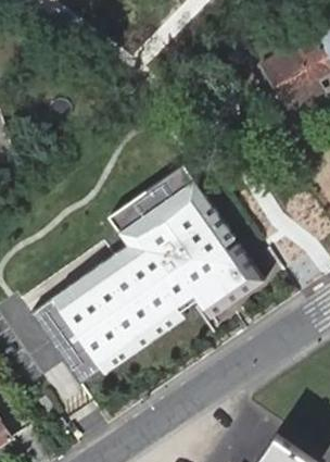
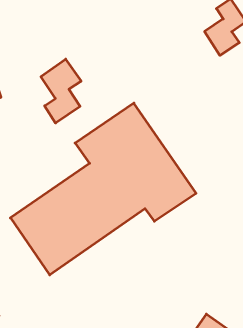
building: none -> [41,59,81,123]

